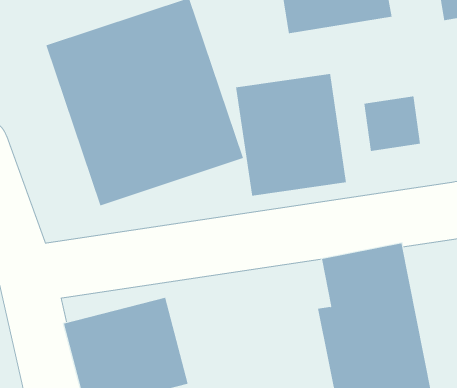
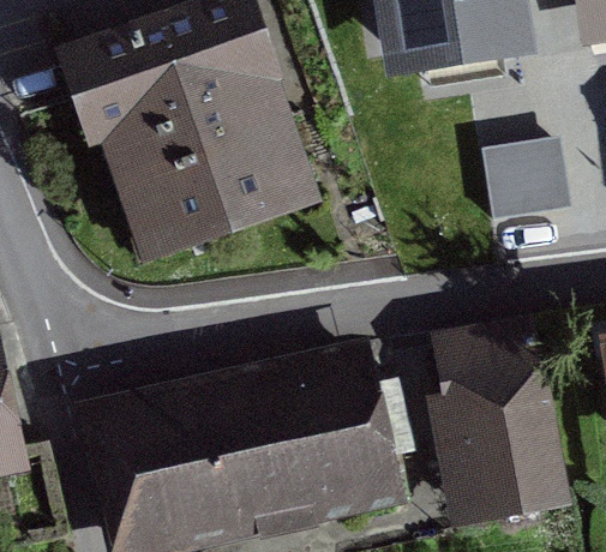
building: [235,73,347,197] -> none
building: none -> [232,360,391,504]

